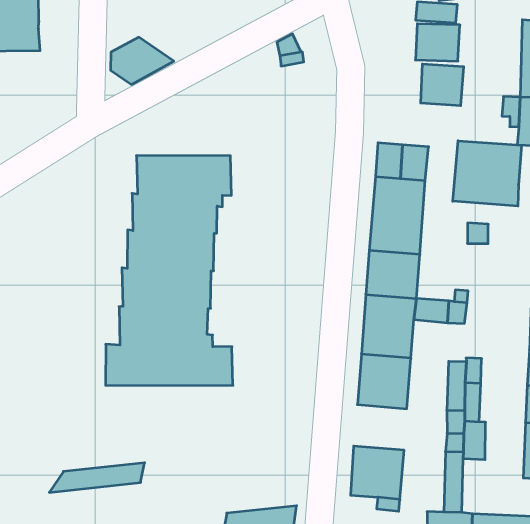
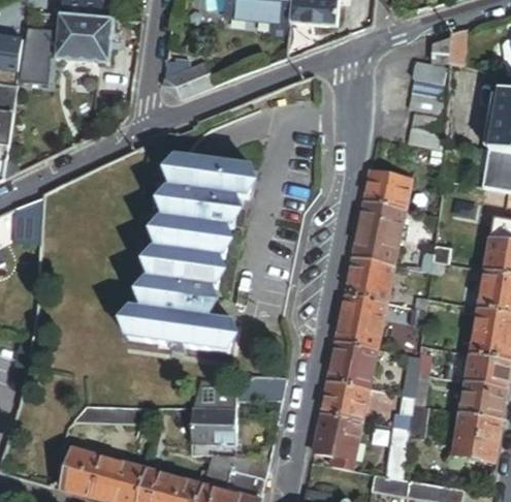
building: [453,141,522,206] -> none
building: none -> [320,379,366,420]
building: none -> [191,376,284,443]

